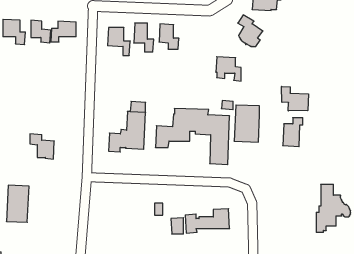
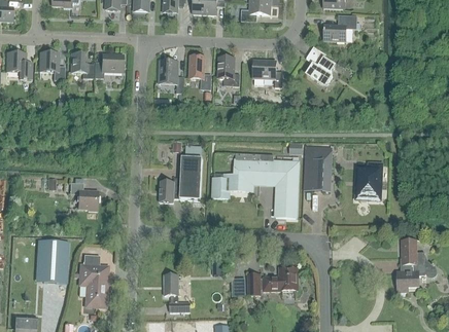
building: [216,57,241,81] -> [253,60,282,87]
building: [282,86,308,111] -> none
building: none -> [79,254,107,306]
building: none -> [164,274,189,311]

